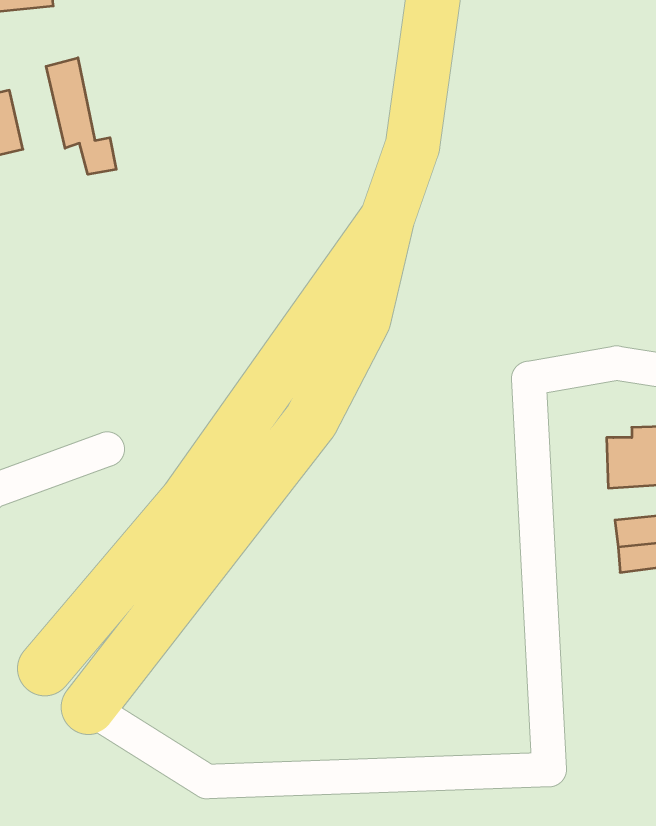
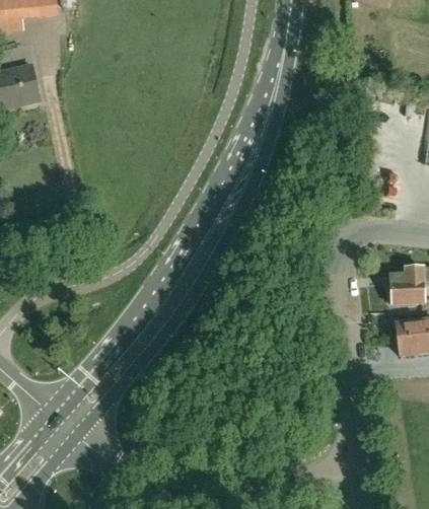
building: [46,58,116,174] -> none

